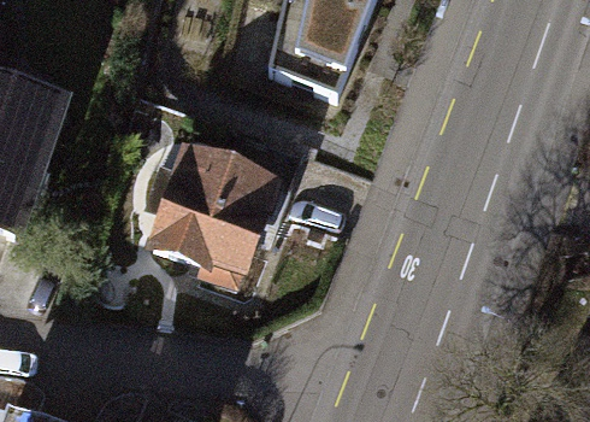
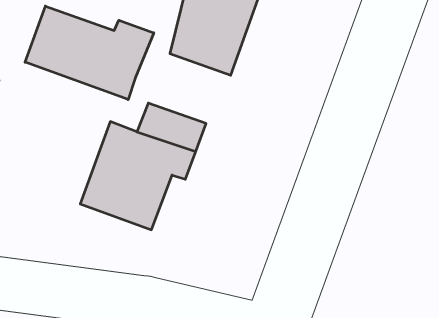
building: none -> [25,6,154,100]

